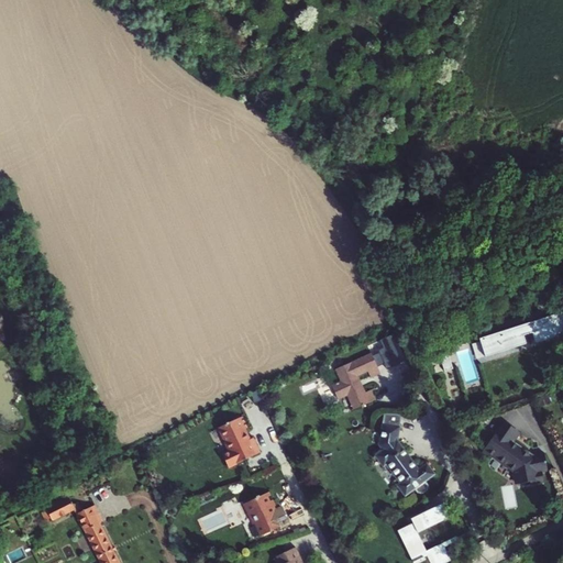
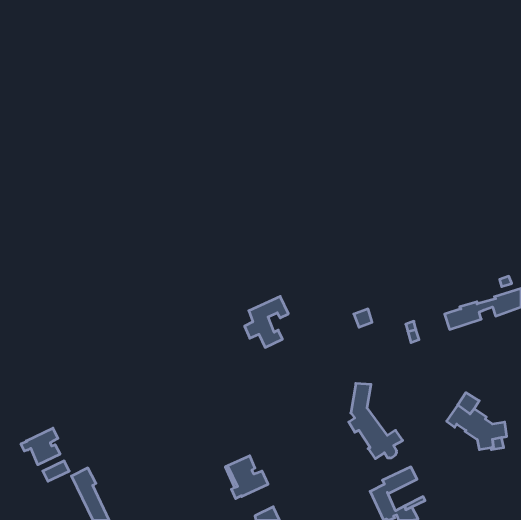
building: [332,354,379,409] -> [245,296,288,347]
building: [219,415,260,465] -> none
building: none -> [21,428,60,465]

